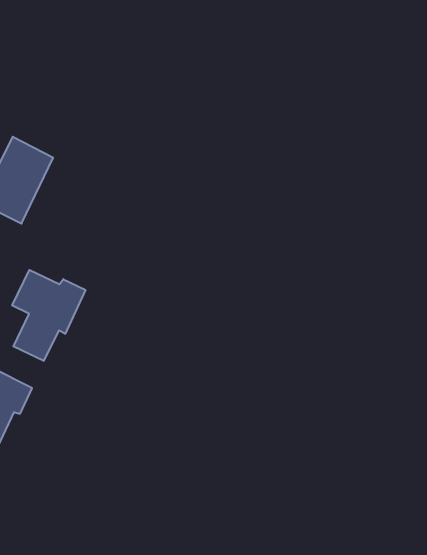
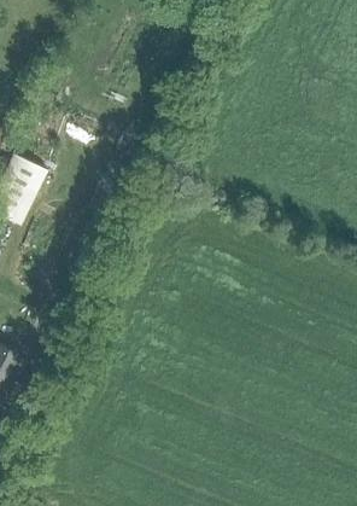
building: [12,270,85,361] -> none

